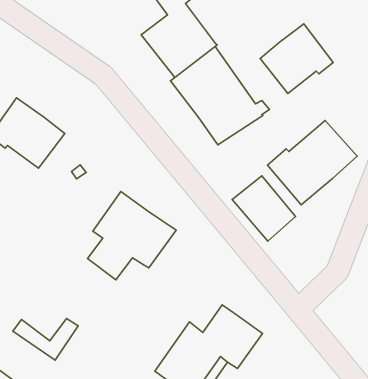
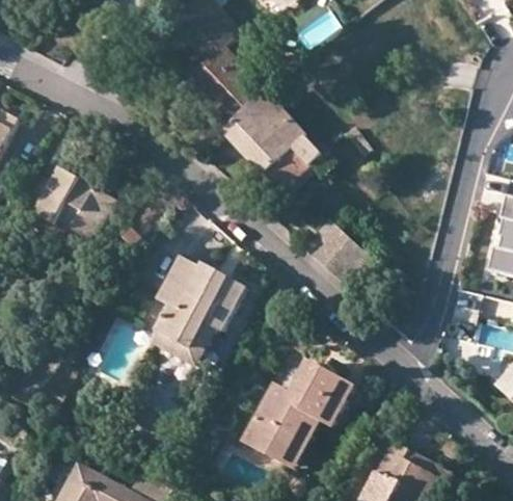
building: [260,24,333,93] -> none
building: [267,120,357,205] -> none
building: [13,319,78,360] -> [148,322,217,368]

